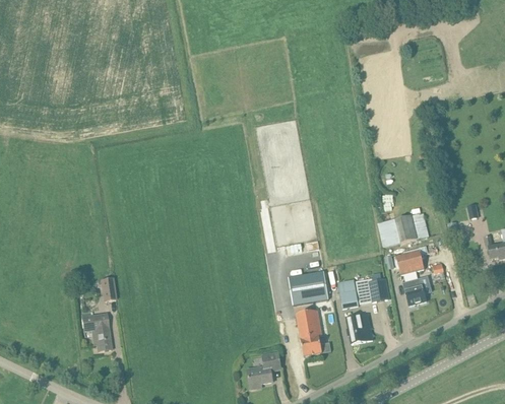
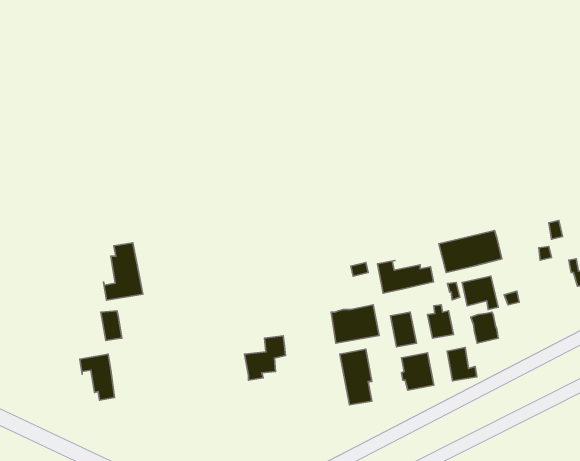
building: none -> [103,243,143,300]
building: none -> [378,260,433,293]
building: none -> [447,348,477,381]
building: [247,351,280,388] -> [245,336,286,380]

